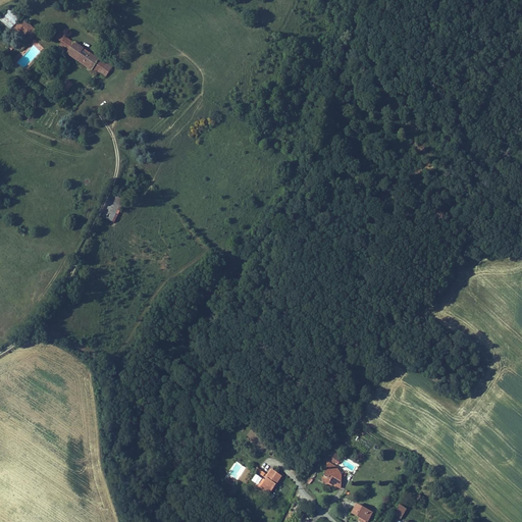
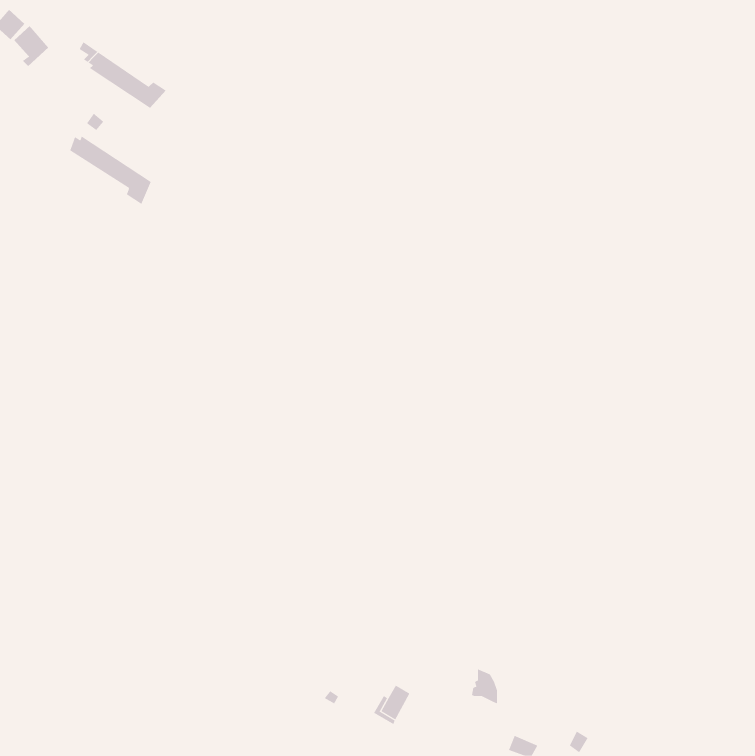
building: none -> [69,135,152,205]

